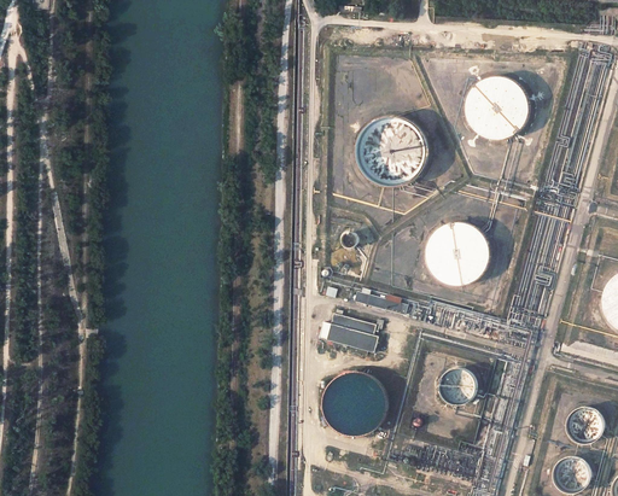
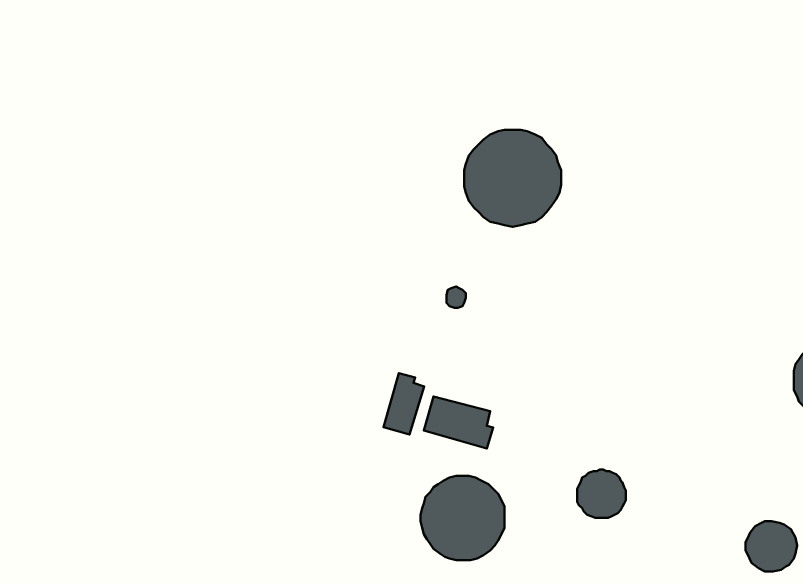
building: [466,76,529,139] -> none
building: [425,222,489,285] -> none
building: none -> [384,373,424,434]

